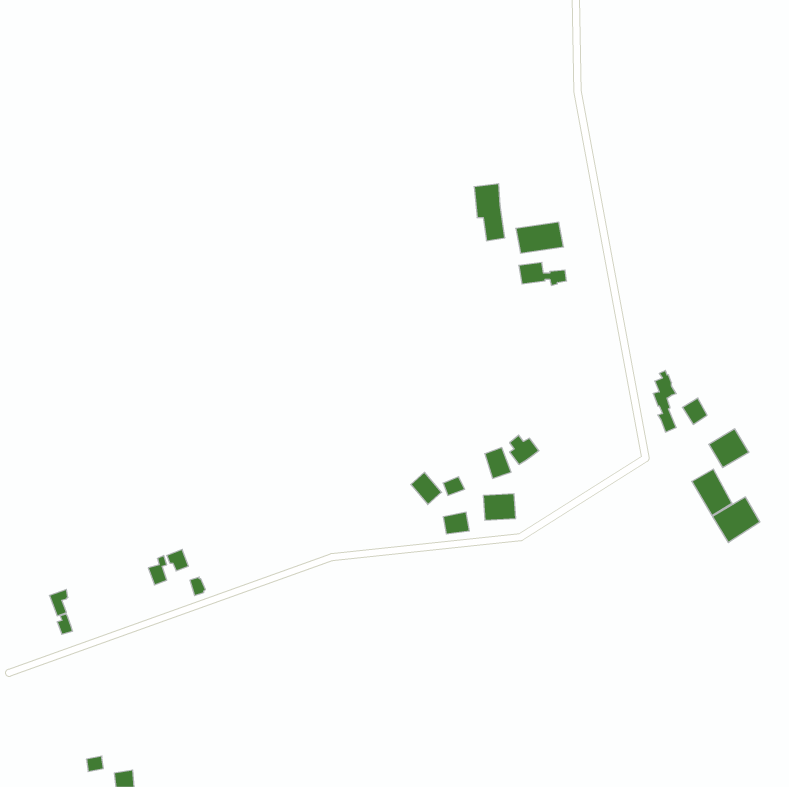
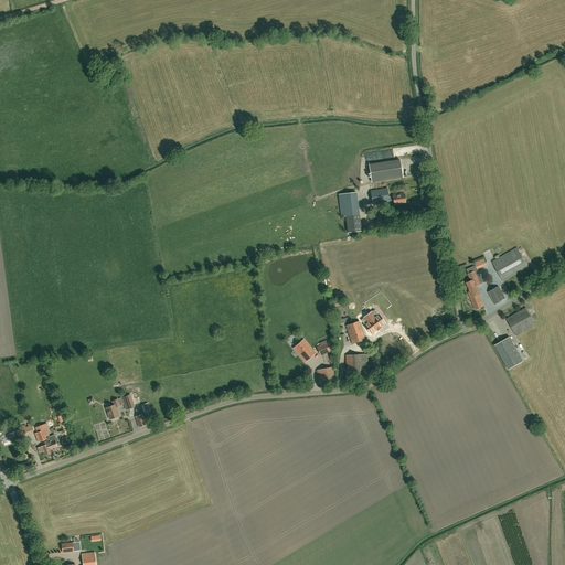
building: [474,184,505,241] -> [339,191,361,232]
building: none -> [492,246,529,280]
building: [713,497,760,543] -> none

